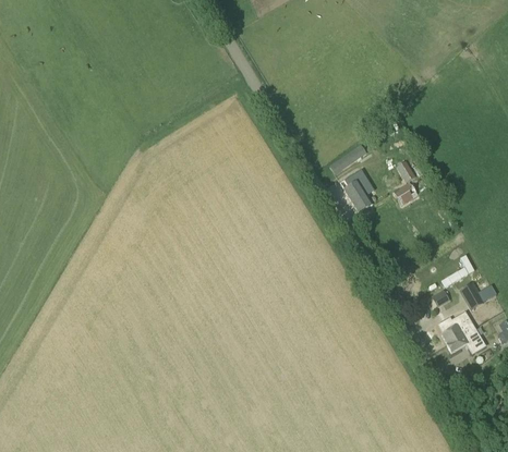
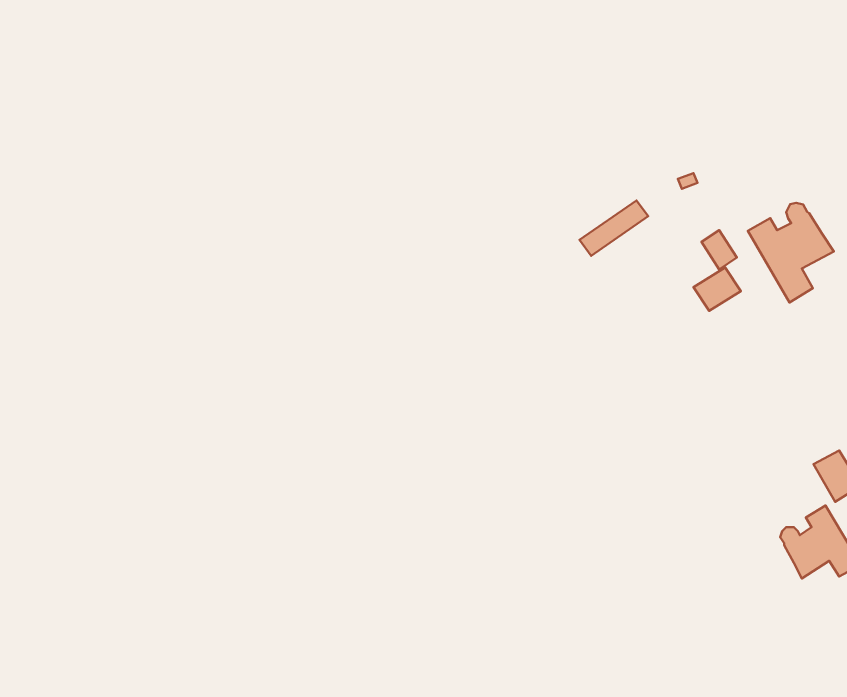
building: none -> [748,203,834,303]
building: [342,168,374,210] -> none

